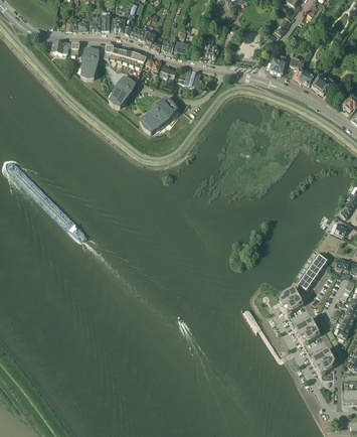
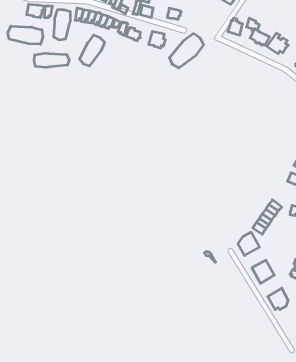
building: none -> [8,26,43,44]
building: none -> [34,53,69,67]
building: [140,97,177,134] -> [169,34,204,68]

